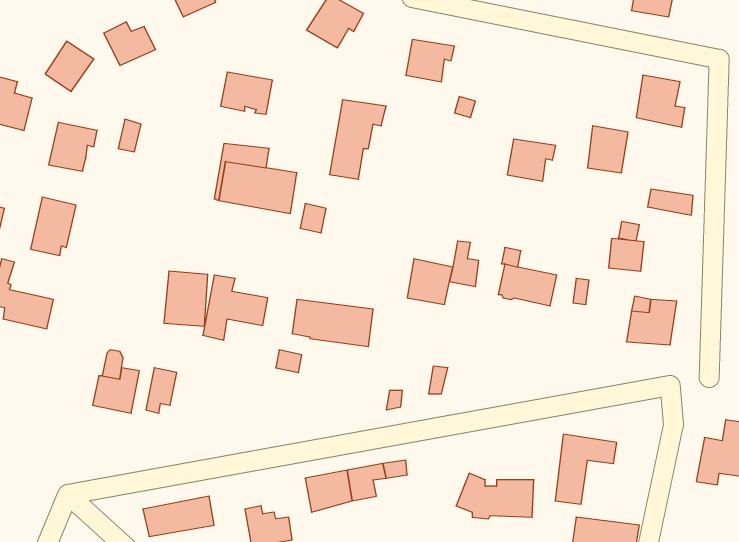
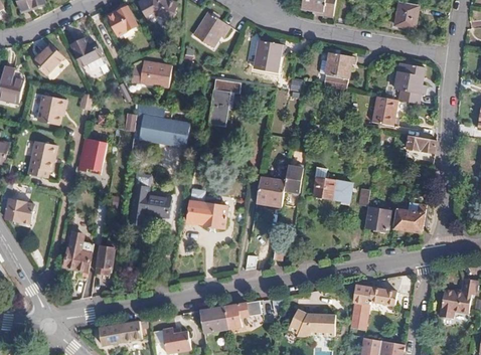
building: [507,139,556,181] -> [328,52,358,78]
building: [608,239,644,271] -> [367,208,389,228]
building: [164,271,208,326] -> [77,137,105,171]

